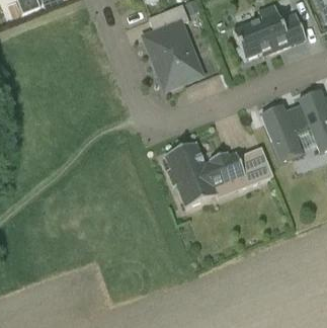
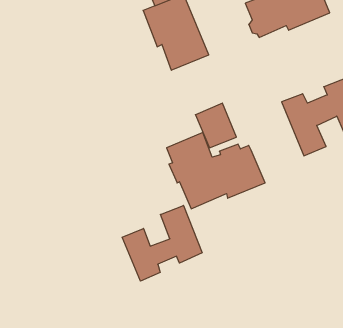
building: [238,147,273,185] -> [195,103,236,148]
building: none -> [122,205,202,281]

